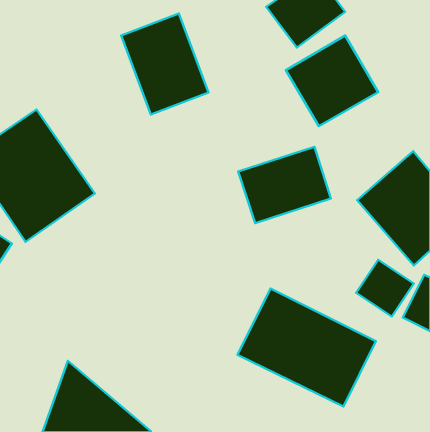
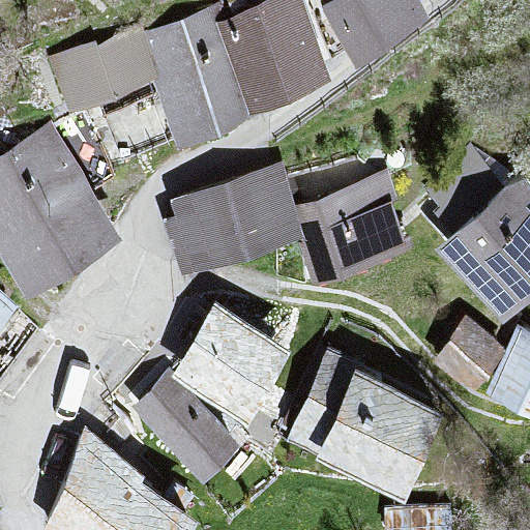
building: none -> [59,33,157,116]
building: [286,35,378,126] -> [233,4,346,115]
building: none -> [173,172,300,275]
building: none -> [175,302,297,418]
building: none -> [130,370,240,478]

